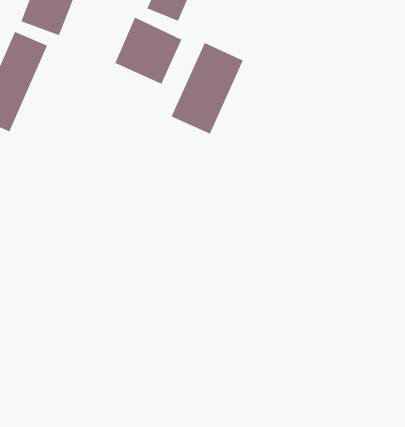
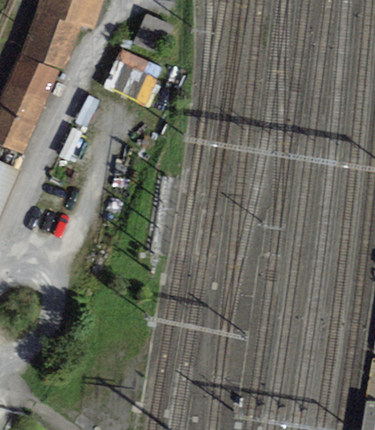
building: [171,42,244,135] -> none

